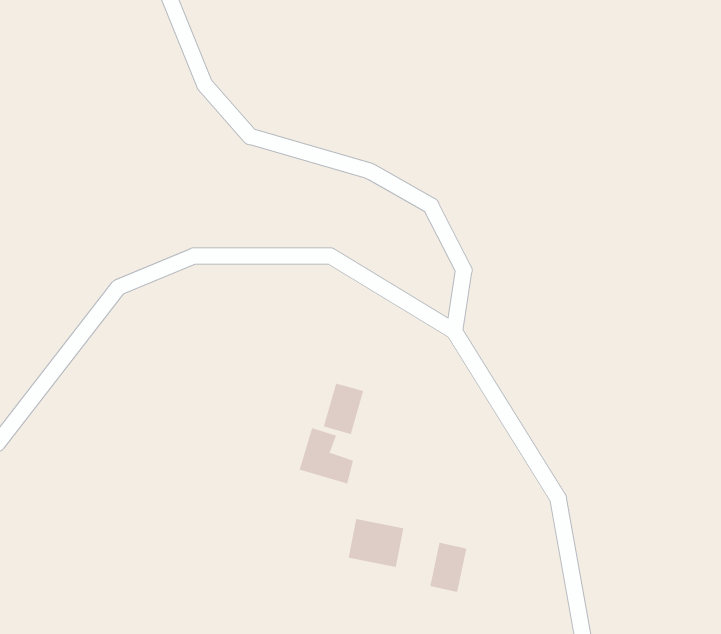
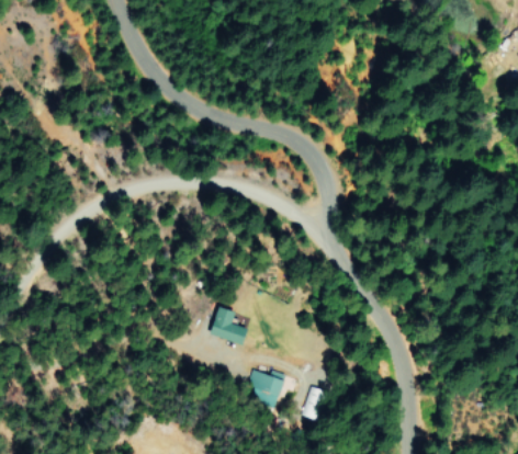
building: [323,383,364,435] -> none

